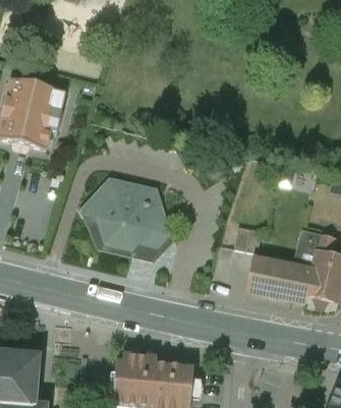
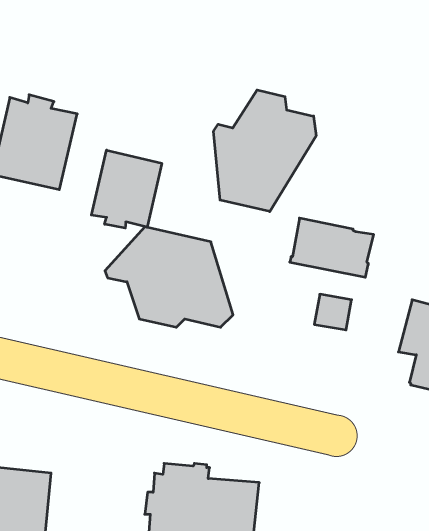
building: none -> [214,90,316,212]
building: none -> [91,150,162,228]
building: [247,258,309,302] -> [290,218,374,277]

